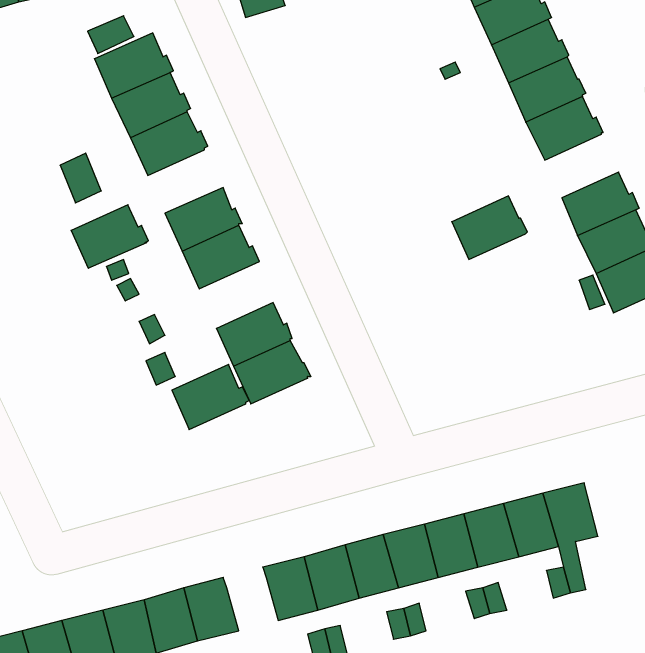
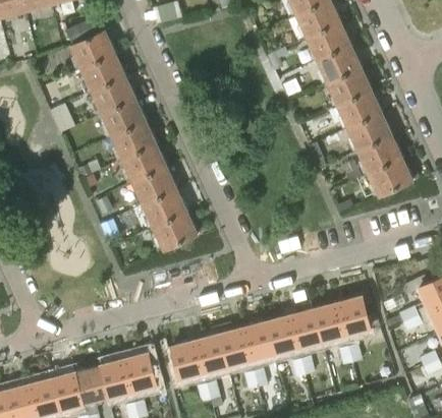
building: [452,196,527,259] -> [337,91,382,128]
building: [71,205,148,268] -> [102,100,148,137]
building: [172,364,249,430] -> [132,167,178,205]

